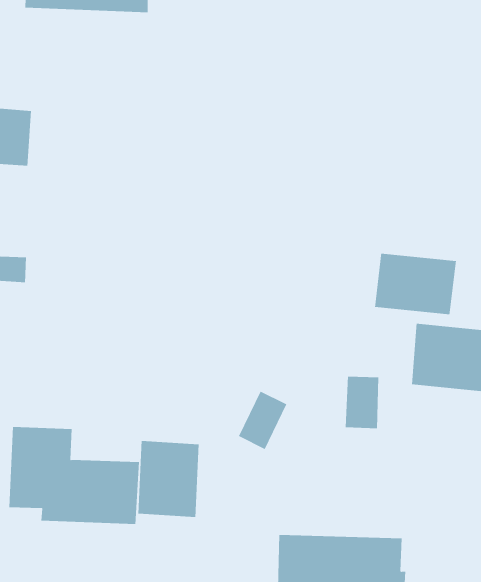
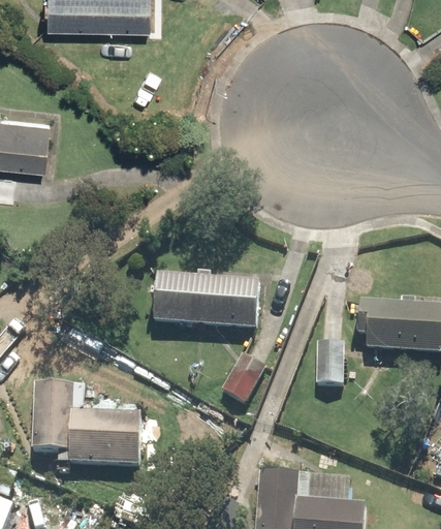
building: [374,253,456,315] -> none
building: none -> [153,274,258,331]
building: [138,440,199,518] -> none

